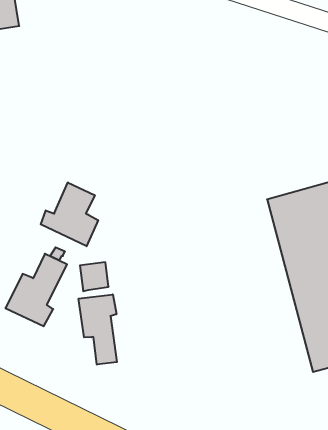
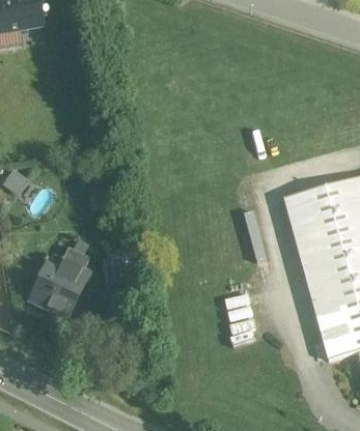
building: [41,182,98,246] -> none
building: [79,294,117,365] -> none

